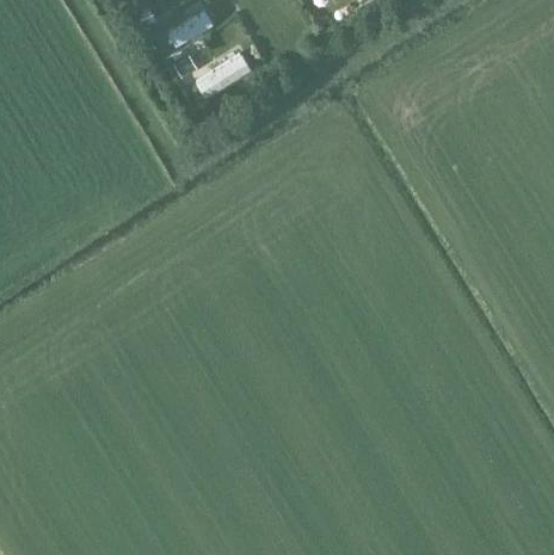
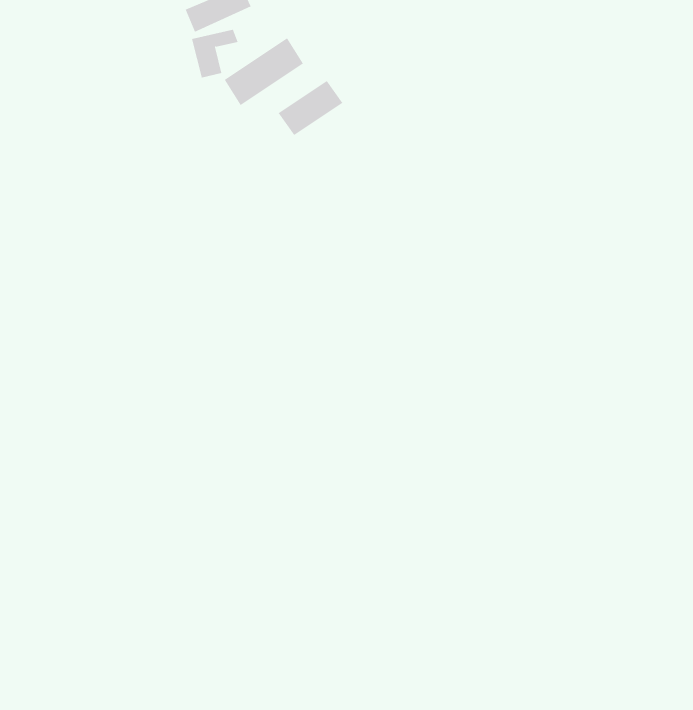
building: none -> [278,80,343,136]

